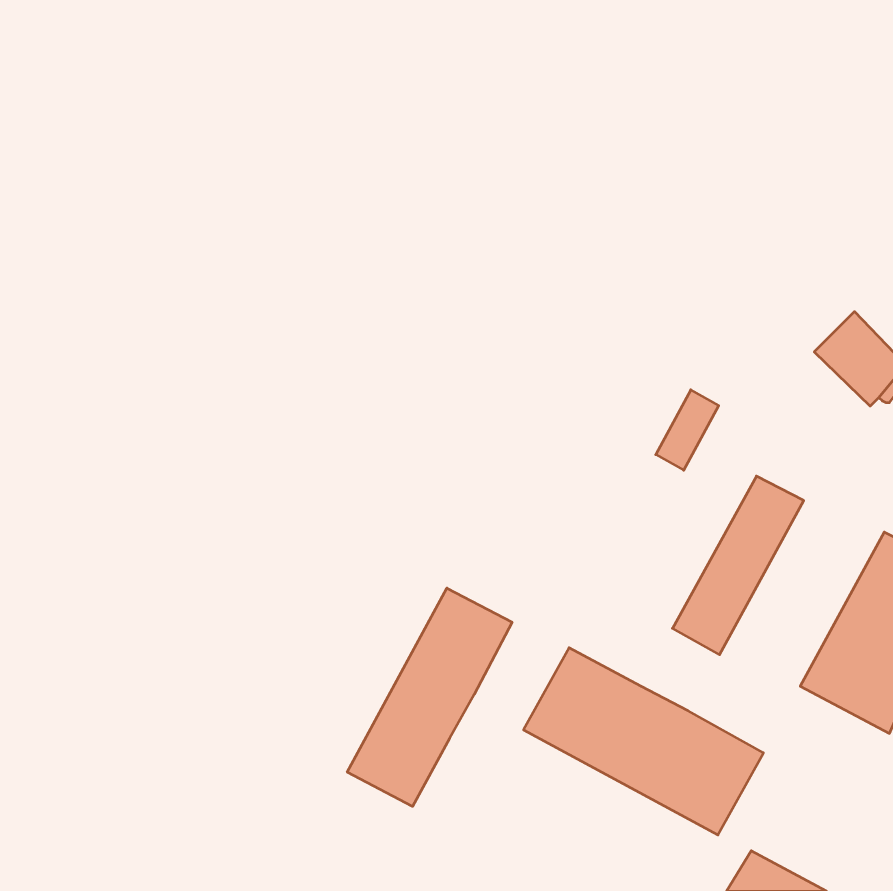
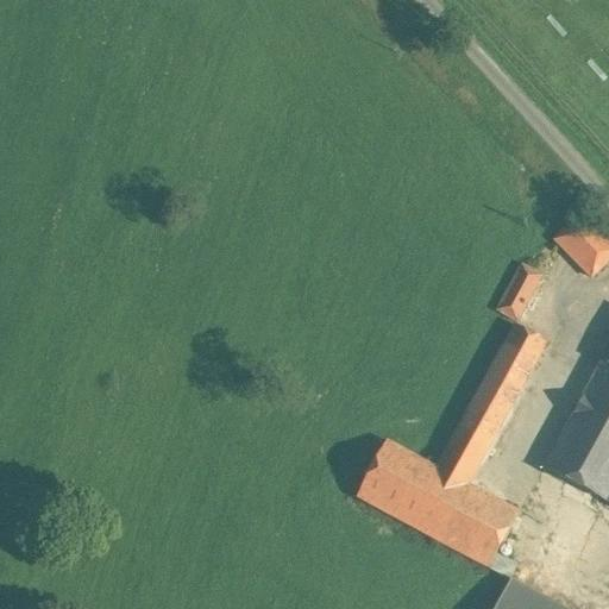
building: [656,390,719,470] -> [498,264,541,319]
building: [347,588,512,806] -> none
building: none -> [437,427,490,483]

